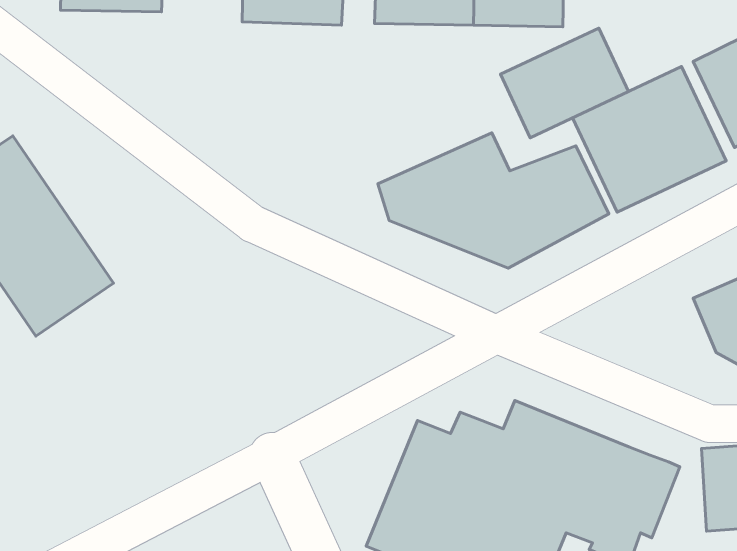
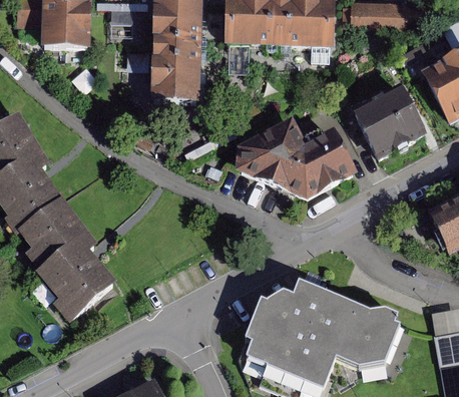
building: none -> [145,46,207,104]
building: [501,28,629,138] -> none
building: none -> [22,205,120,312]

